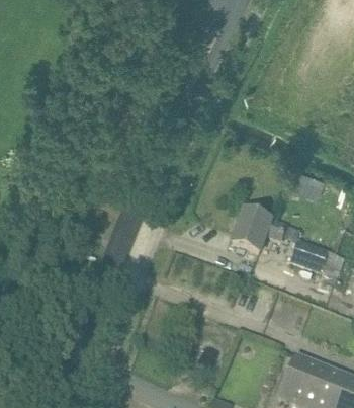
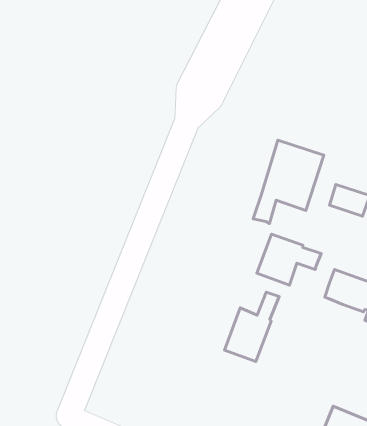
building: none -> [253,140,324,223]
building: none -> [224,292,279,361]

